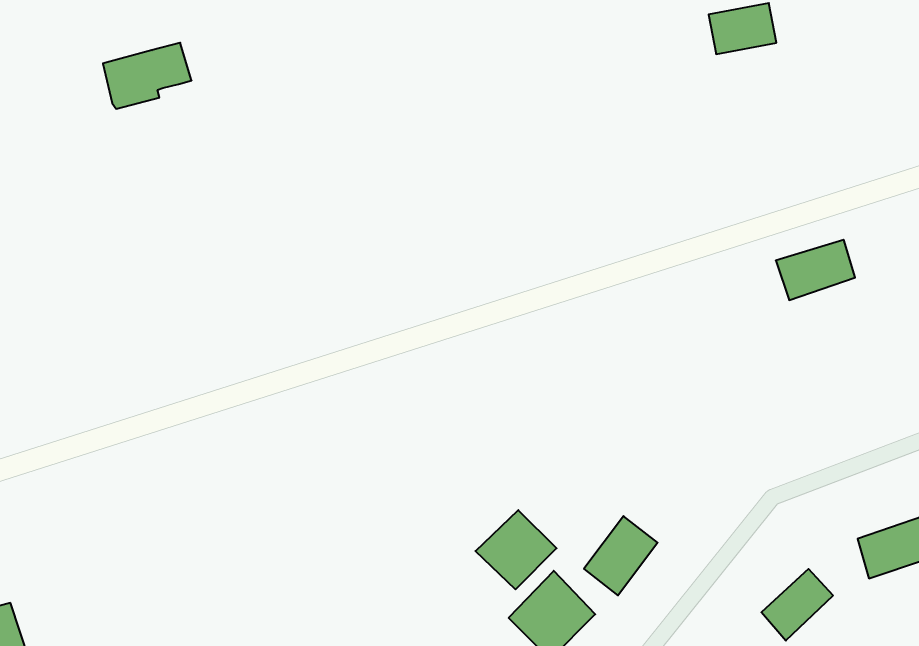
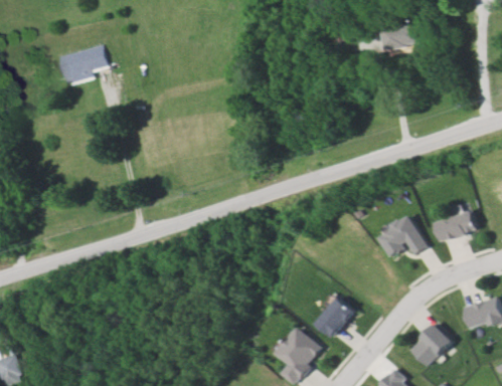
building: [776,240,855,300] -> [434,211,476,243]
building: none -> [381,216,428,261]
building: [475,510,557,589] -> none

